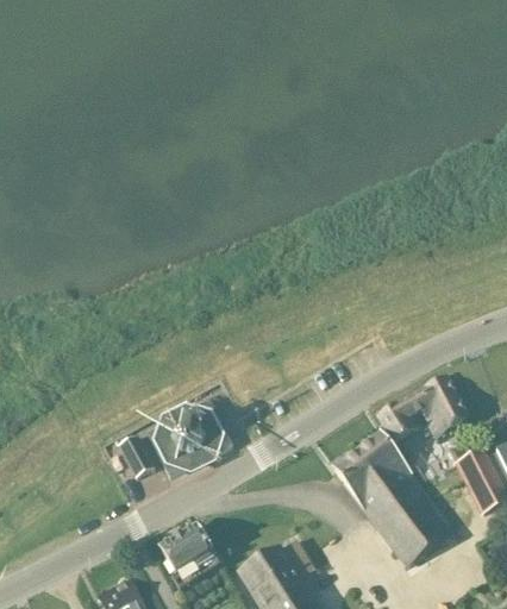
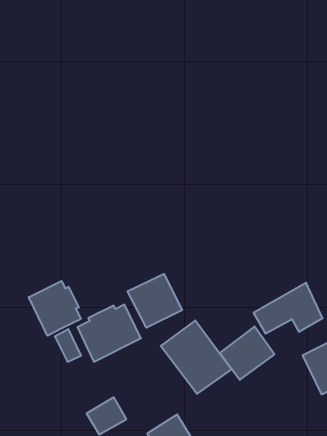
building: none -> [128,274,182,328]
building: none -> [29,281,81,336]
building: [359,467,452,564] -> [161,320,232,394]

